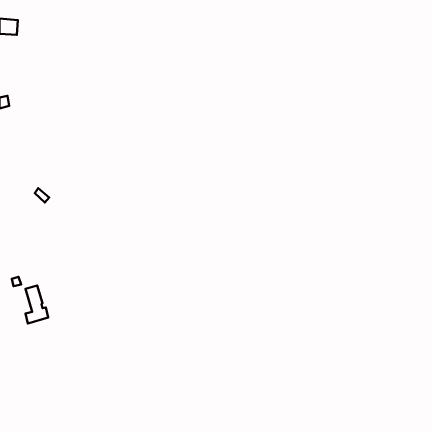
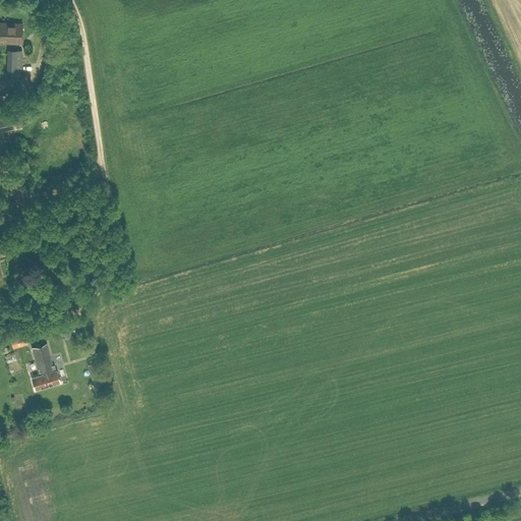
building: none -> [8,51,22,80]

